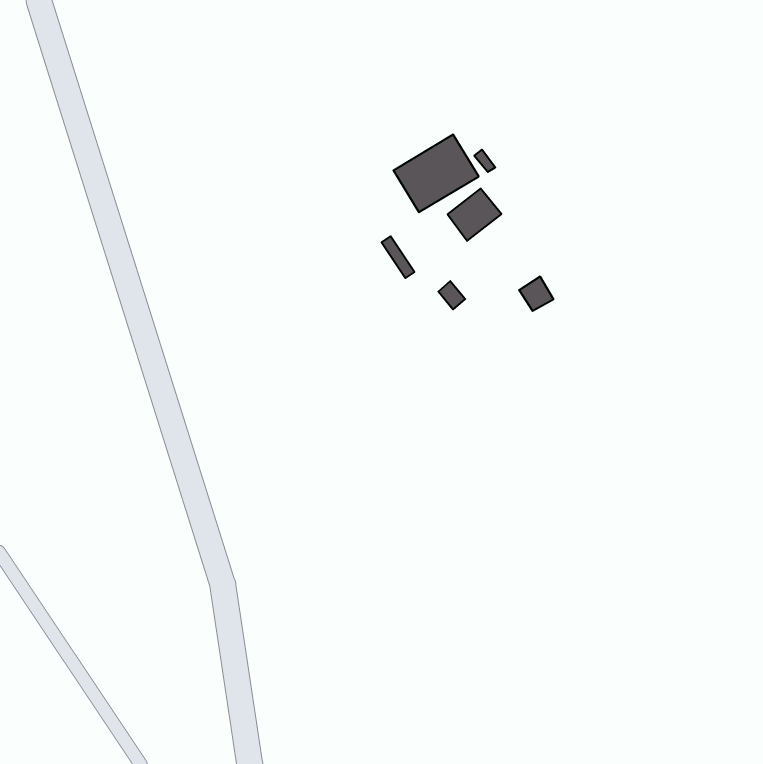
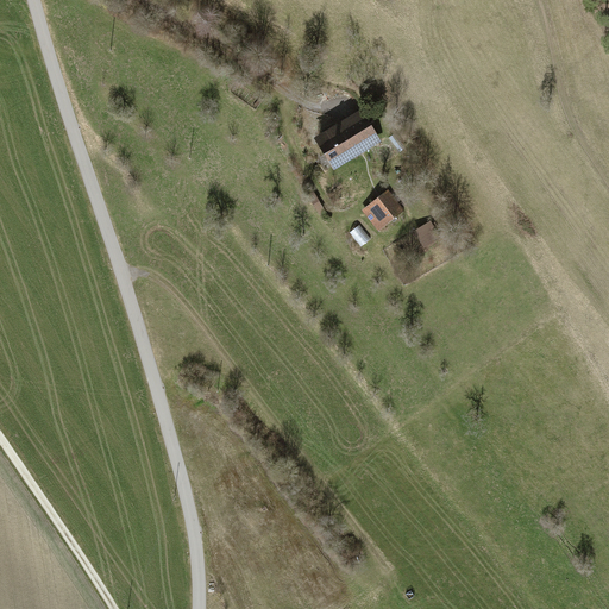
building: [448,189,501,241] -> [362,189,404,231]

